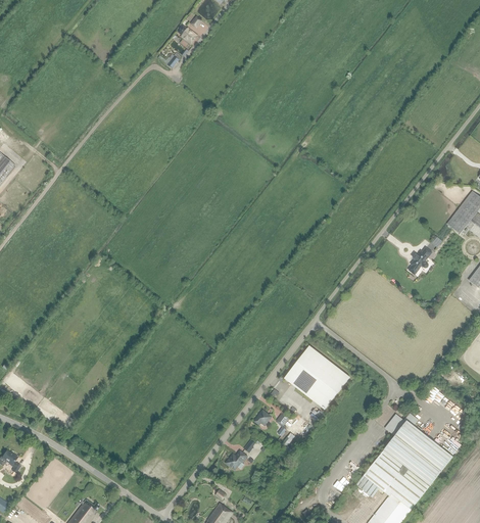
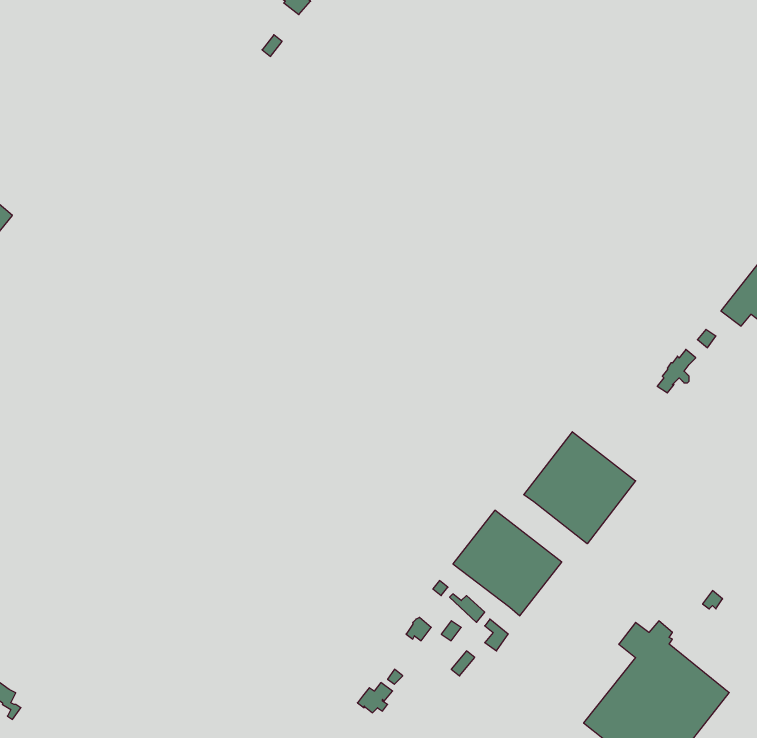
building: none -> [524,432,636,544]

